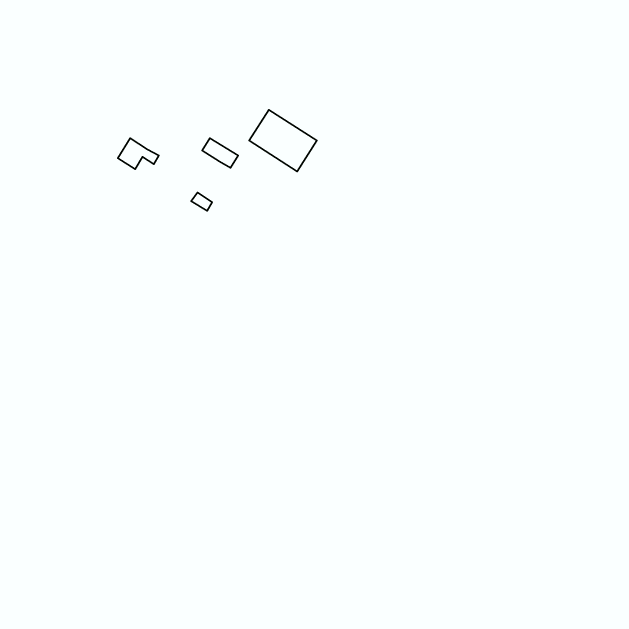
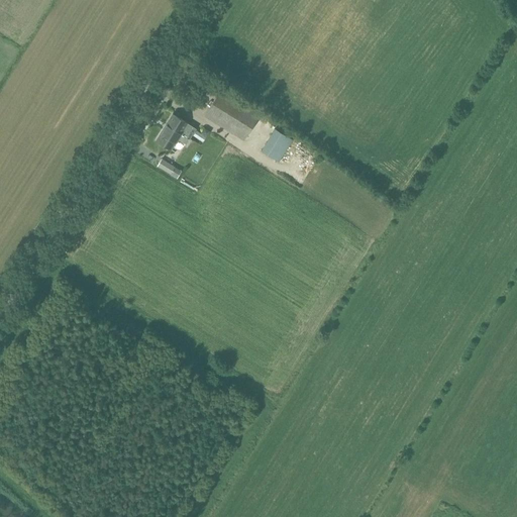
building: [118,138,159,169] -> [157,124,190,149]
building: none -> [260,129,292,163]

